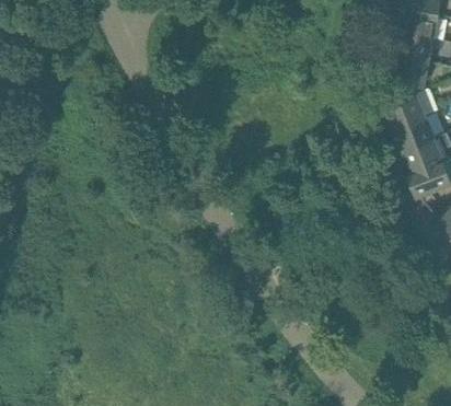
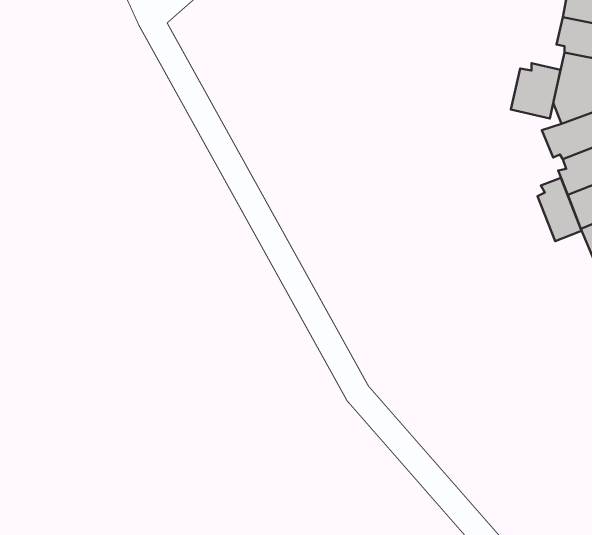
building: none -> [511,63,561,119]
building: none -> [537,178,582,241]

